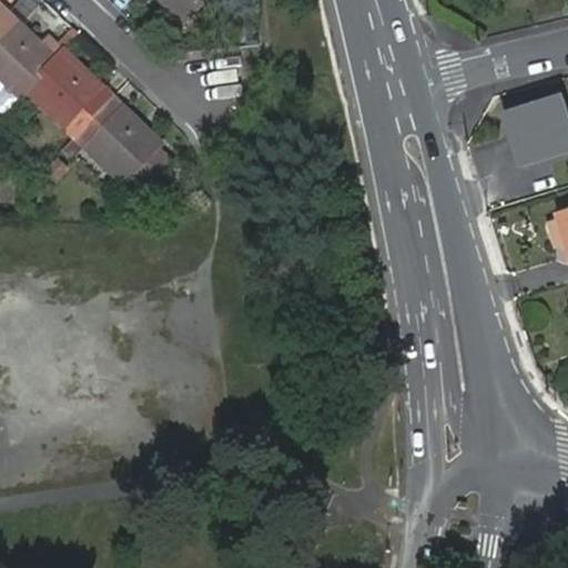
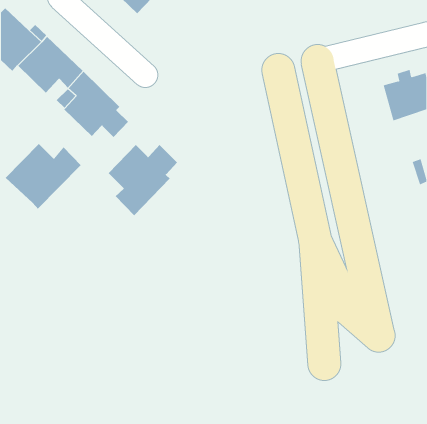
building: none -> [5,143,81,210]
building: none -> [108,144,178,216]

